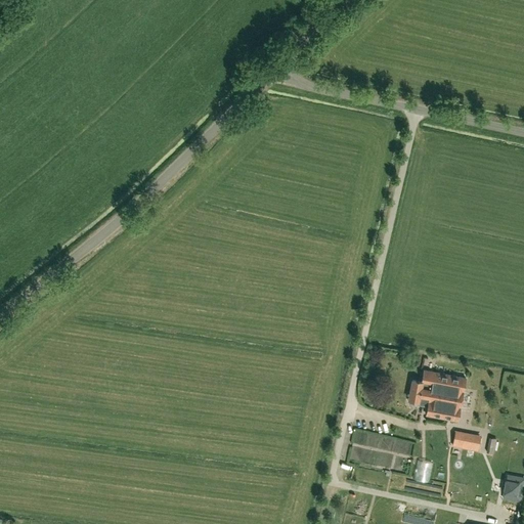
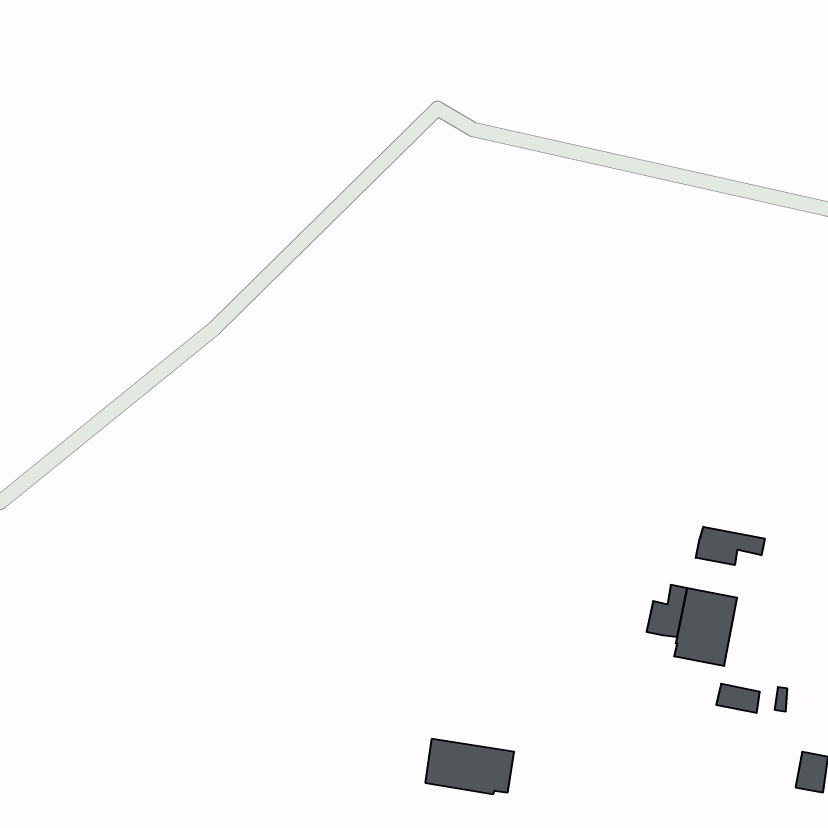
building: none -> [696,527,765,565]
building: [352,433,408,468] -> [425,739,514,794]

